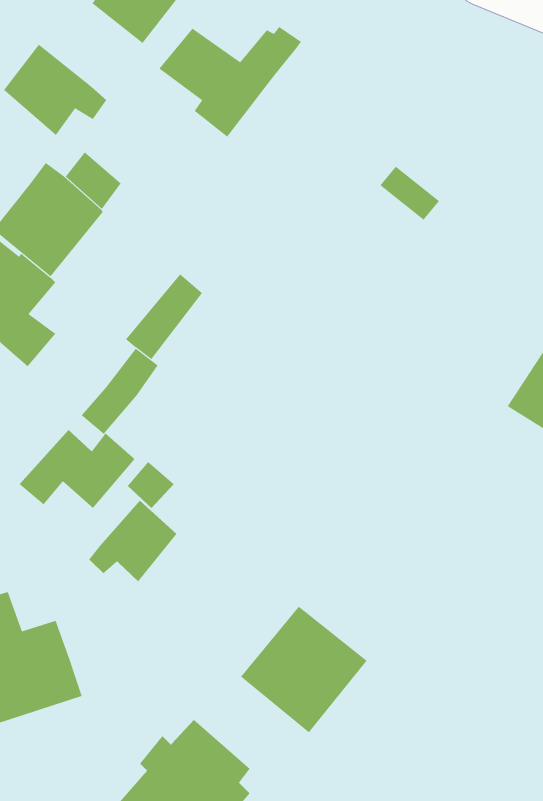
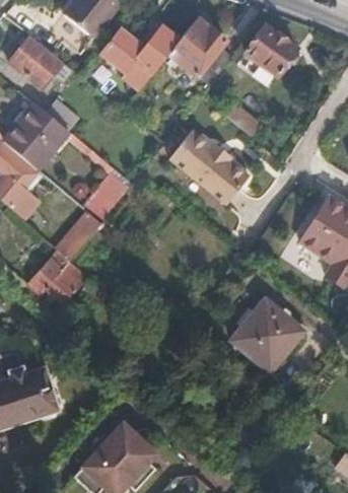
building: none -> [167,18,230,82]
building: none -> [246,27,295,76]
building: none -> [169,130,250,203]
building: [88,500,177,582] -> none
building: [240,606,367,733] -> [231,299,304,372]

